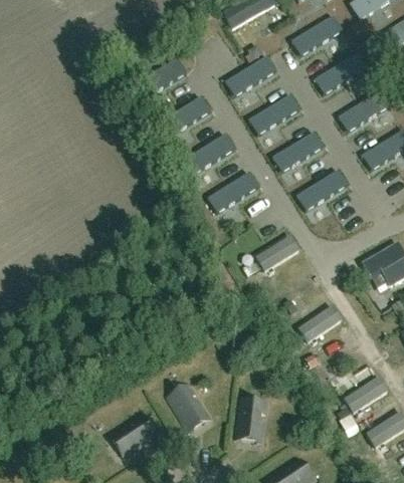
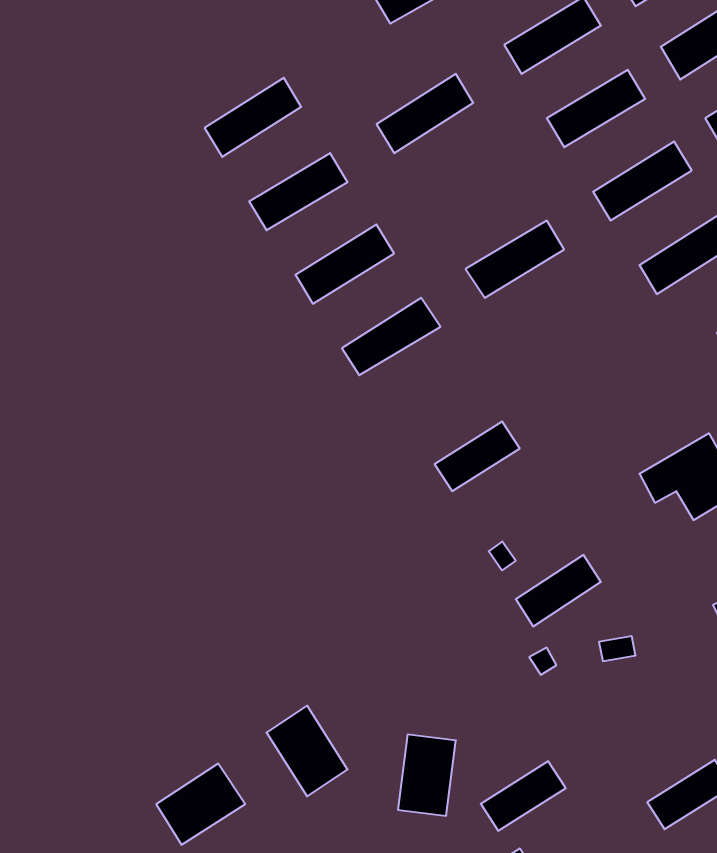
building: [249,93,299,134] -> none
building: [296,169,348,210] -> none
building: [345,376,389,412] -> [481,761,566,831]

